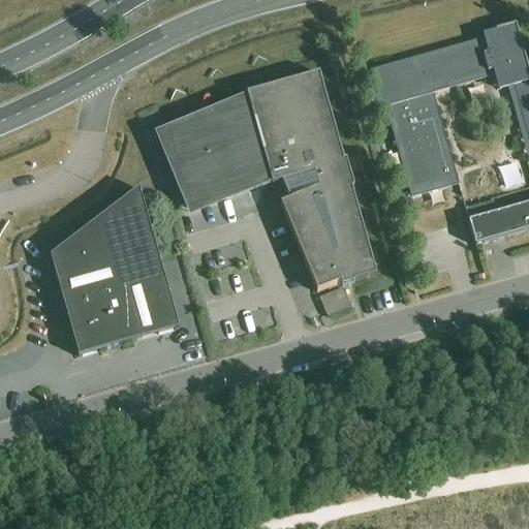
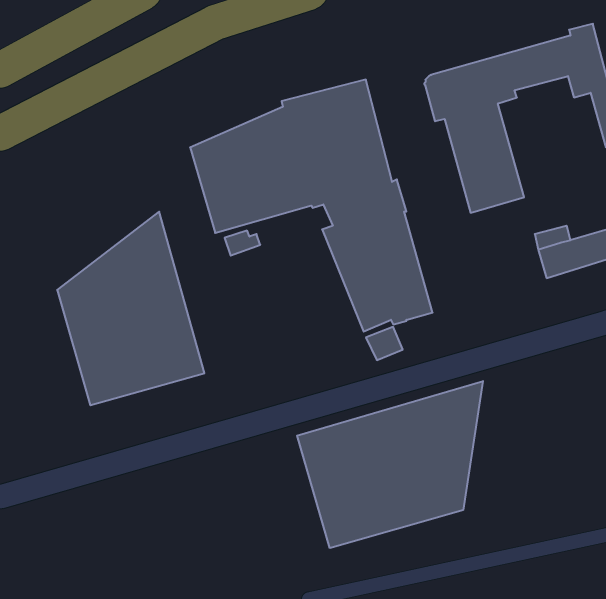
building: none -> [297,381,483,548]

